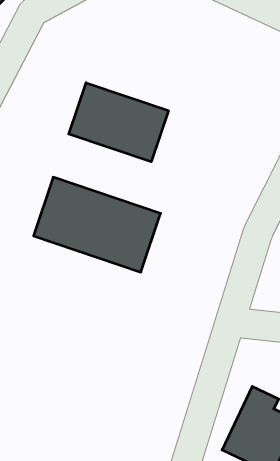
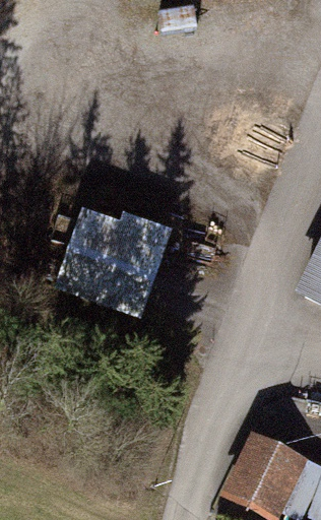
building: [69,83,168,162] -> none

